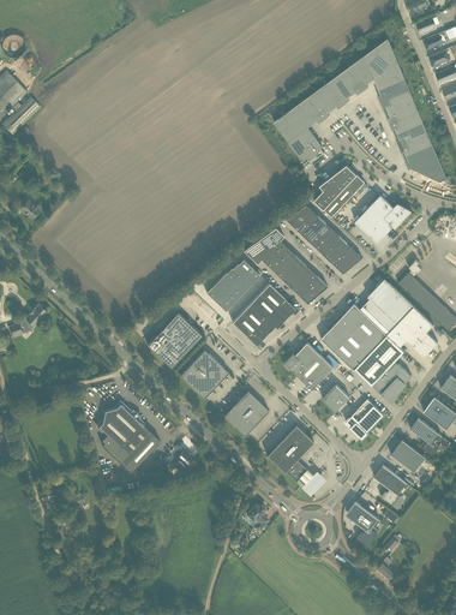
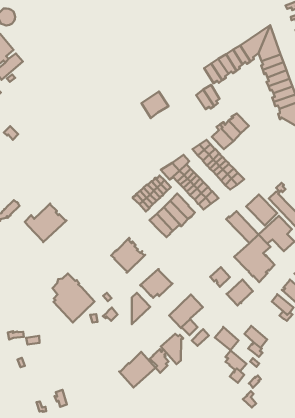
building: [274,105,312,143] -> [141,91,168,118]
building: [355,196,412,244] -> none
building: [360,299,414,335] -> none
building: [143,312,202,368] -> [25,204,66,242]
building: [320,316,374,370] -> none
building: [283,342,334,390] -> none
building: none -> [132,293,150,324]
building: [391,440,425,472] -> [215,327,239,350]
building: none -> [161,334,183,364]
building: none -> [119,352,156,388]

